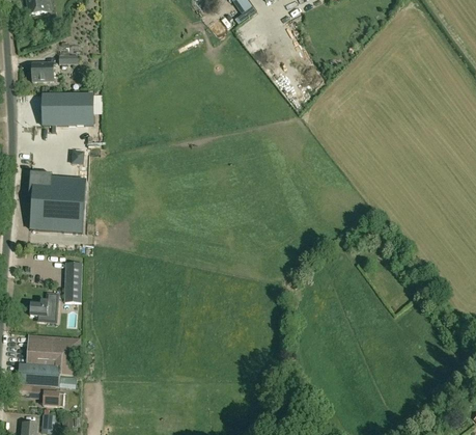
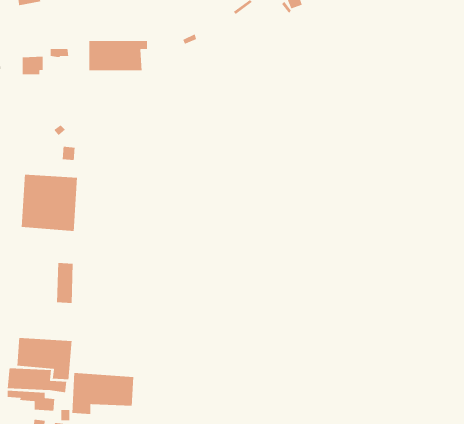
building: [41,94,99,125] -> [89,40,148,71]
building: [29,292,58,323] -> none
building: none -> [72,372,134,415]

